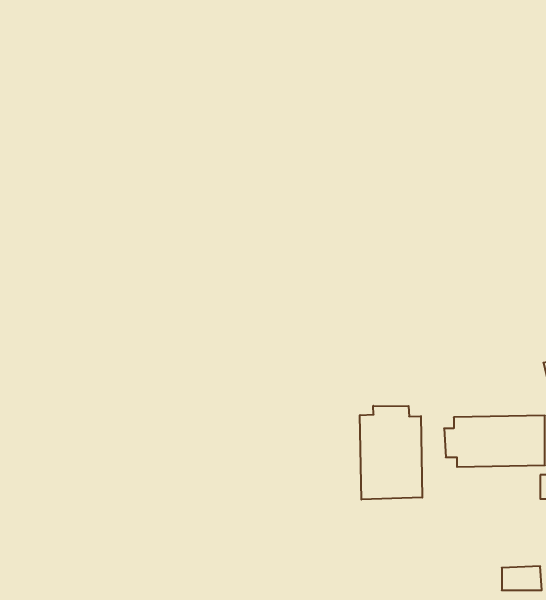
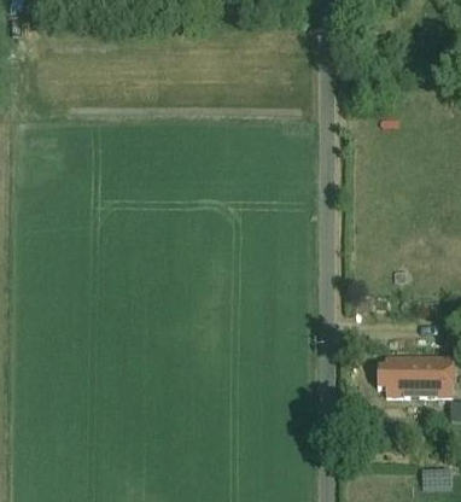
building: [360,406,422,500] -> none

